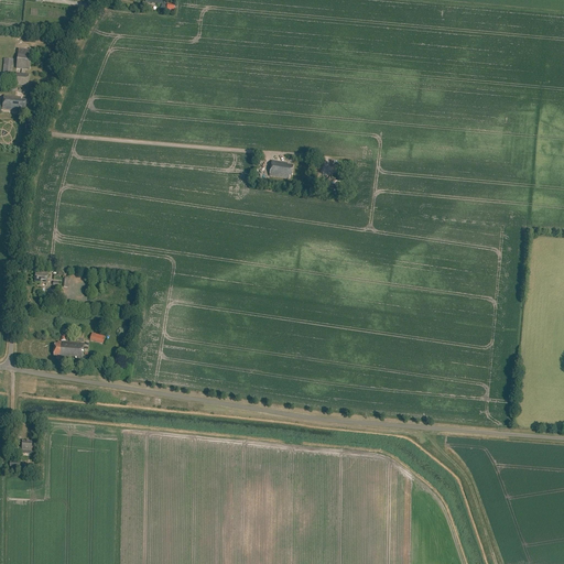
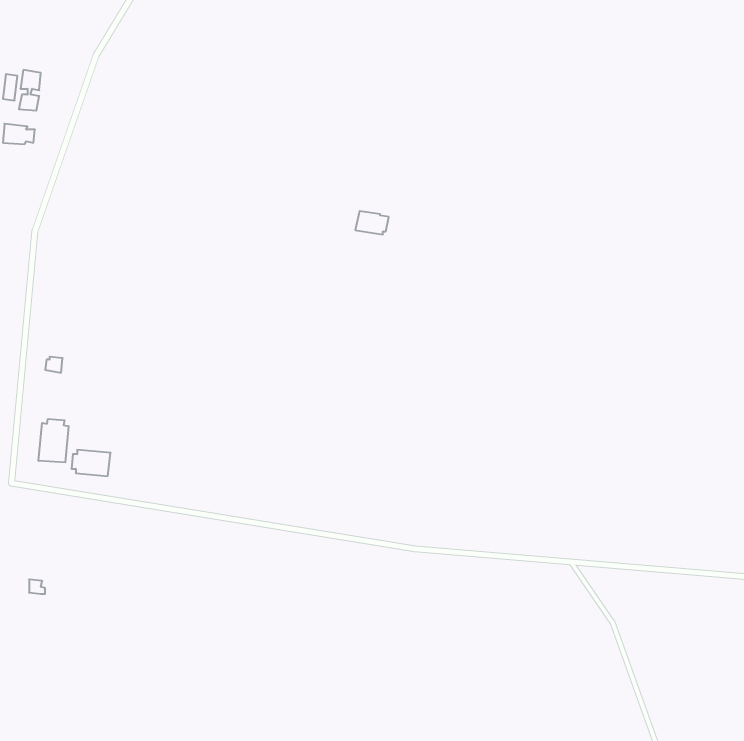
building: none -> [39,419,69,462]

